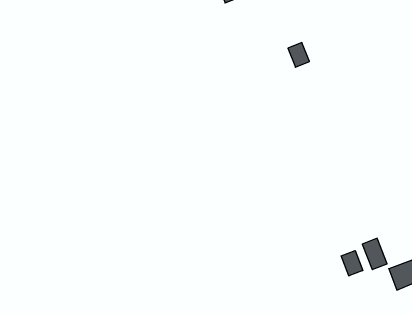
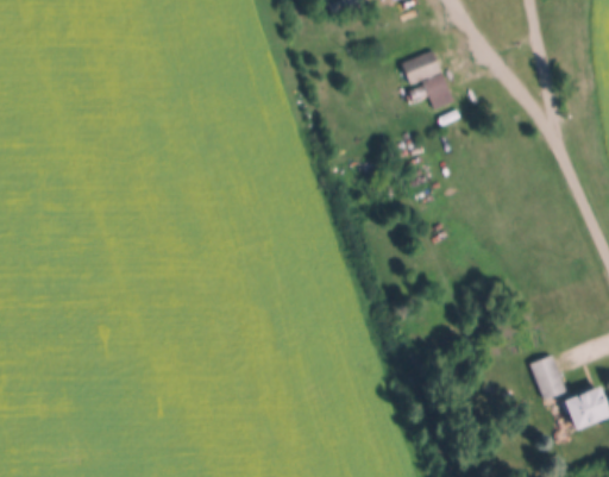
building: none -> [402,51,441,83]
building: [341,251,363,276] -> none

